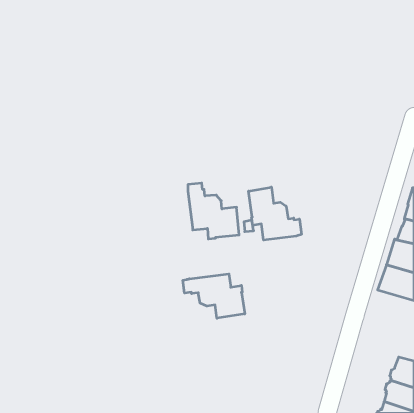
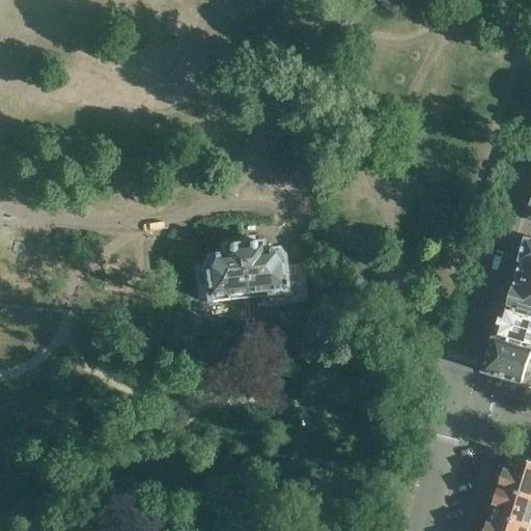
building: [249,187,301,240] -> none
building: none -> [194,245,247,302]
building: [183,274,245,318] -> none

